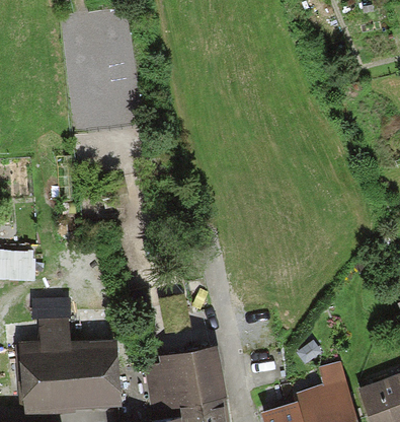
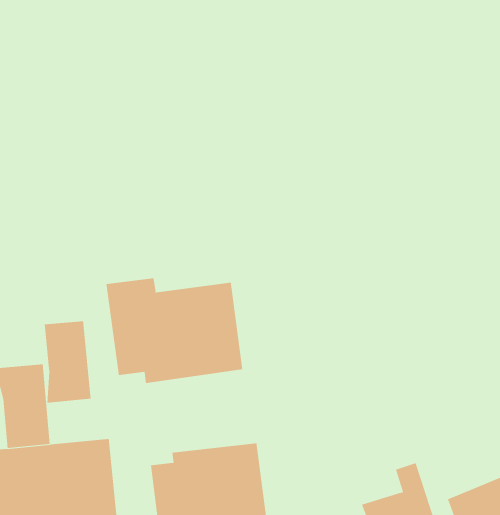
building: none -> [106,277,243,384]
building: none -> [44,320,91,404]

